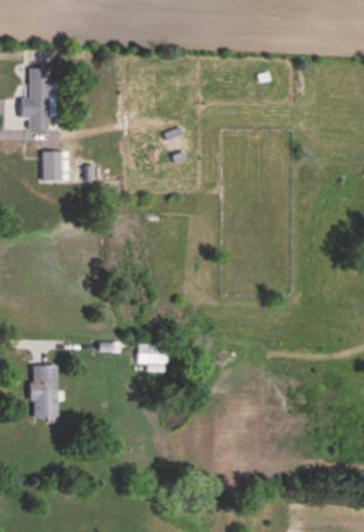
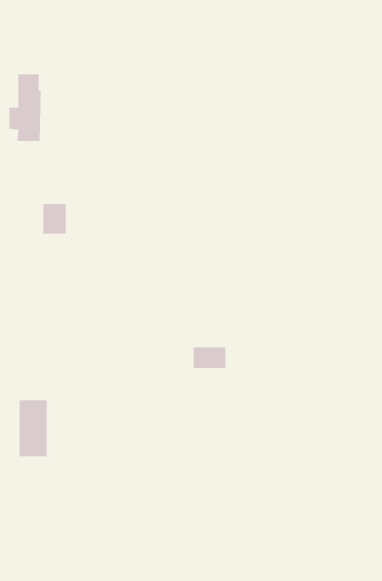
building: [42,152,63,180] -> [42,203,67,234]
building: [136,344,166,364] -> [193,347,226,368]

